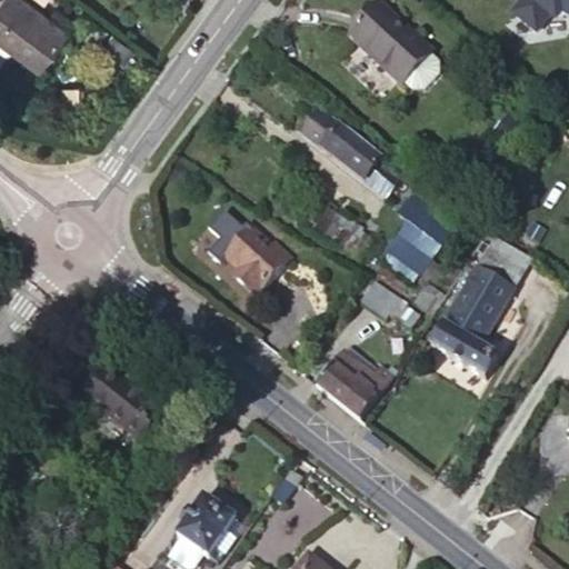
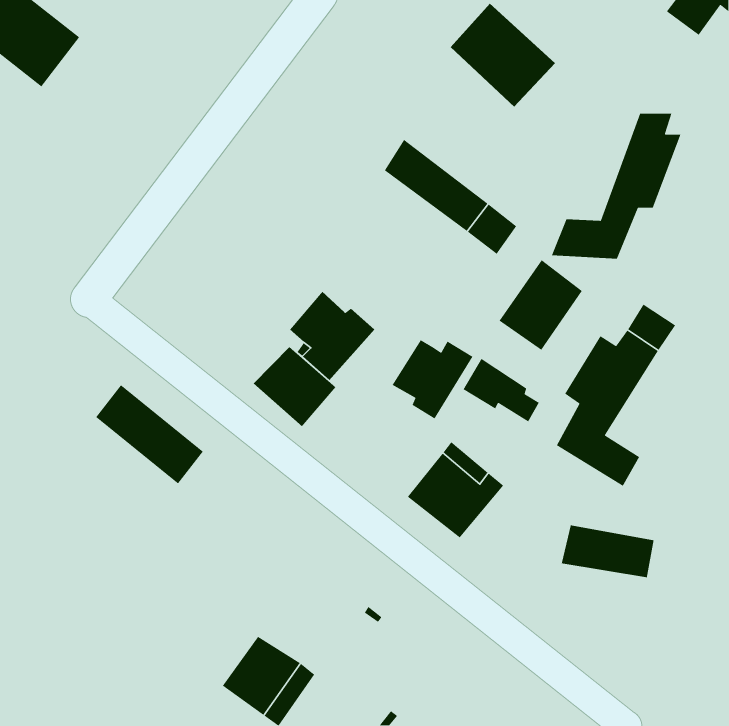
building: none -> [551,113,682,259]
building: none -> [391,339,473,420]
building: none -> [253,346,337,427]
building: [71,360,156,438] -> [95,384,204,484]
building: none -> [561,524,654,578]

